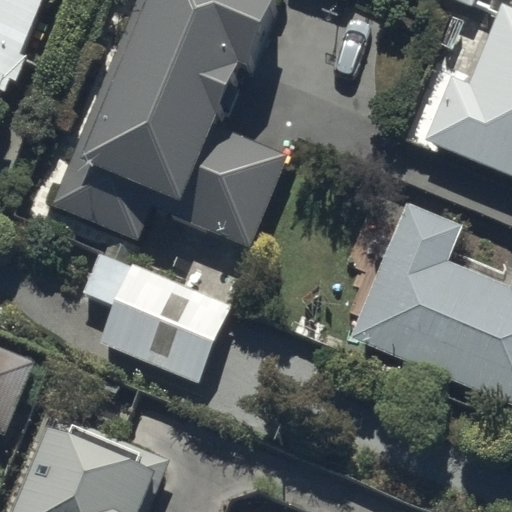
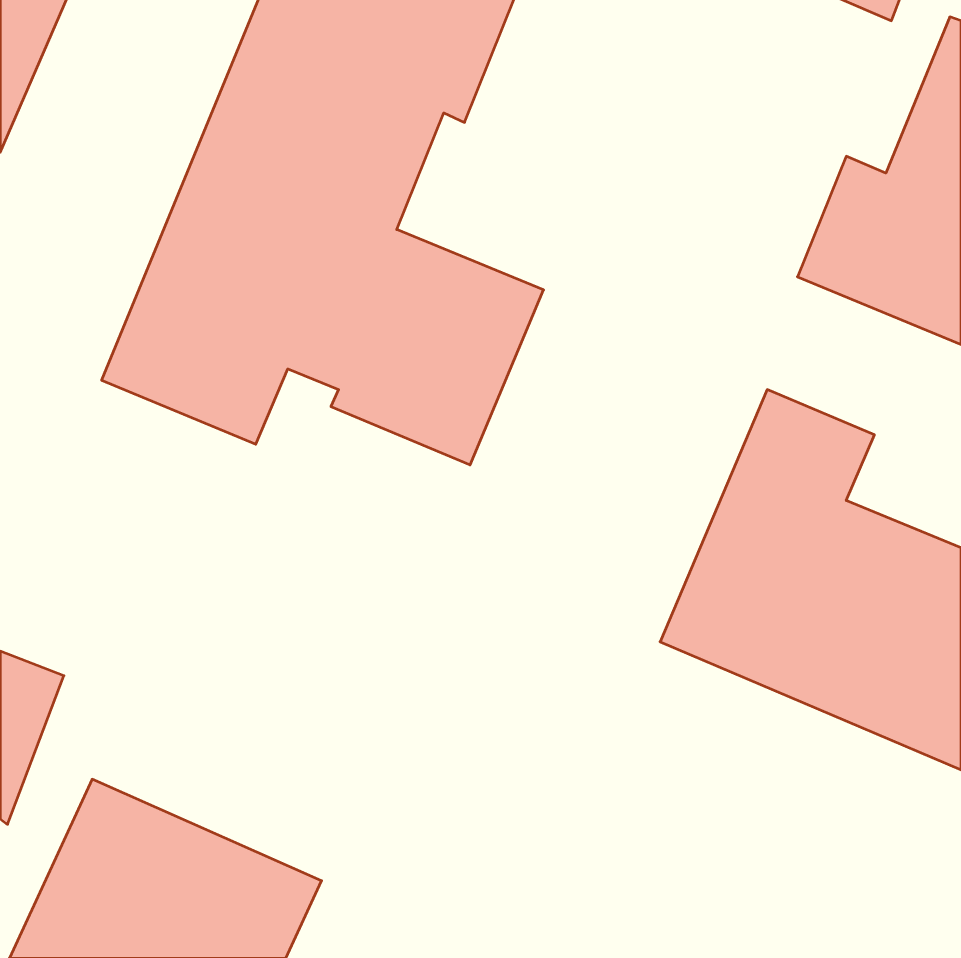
building: [79,250,230,382] -> none

